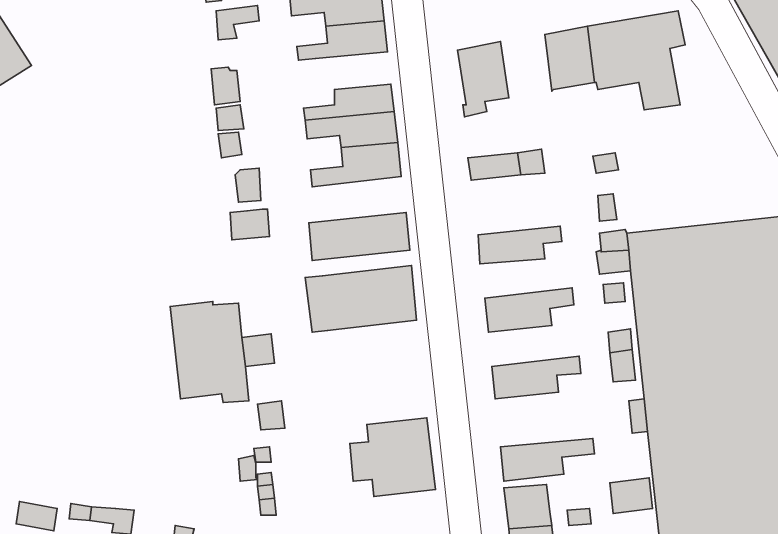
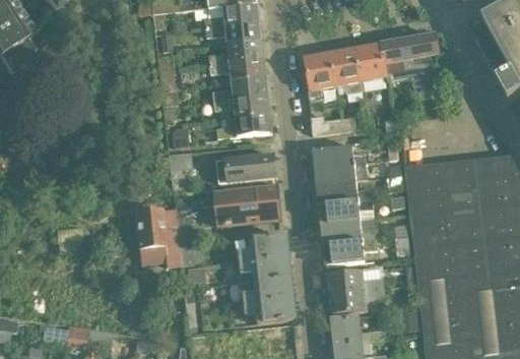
building: none -> [330,48,364,93]
building: none -> [210,58,265,80]
building: none -> [315,144,366,167]
building: none -> [318,181,373,204]
building: none -> [323,221,377,245]
building: none -> [236,234,286,280]
building: none -> [328,265,385,293]

